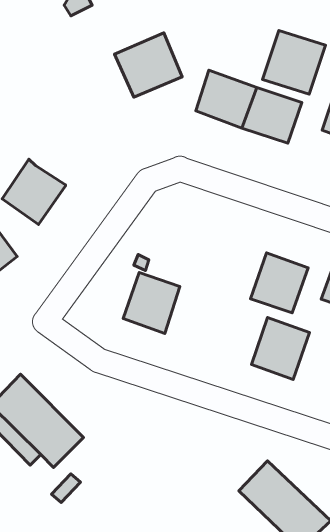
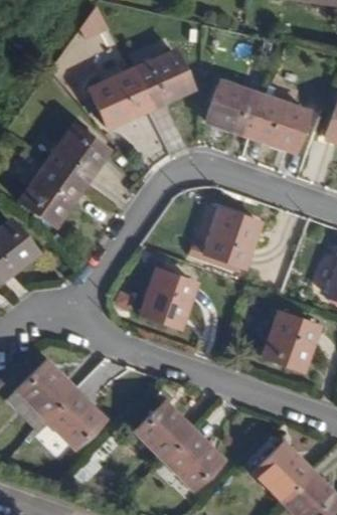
building: [262,31,325,94] -> none
building: none -> [94,63,151,120]
building: none -> [52,126,113,187]
building: [250,253,308,313] -> [206,208,261,265]
building: none -> [134,404,220,491]

